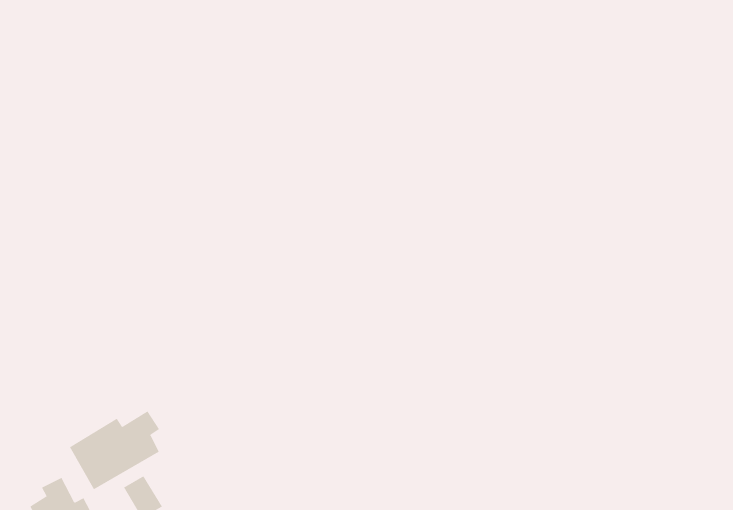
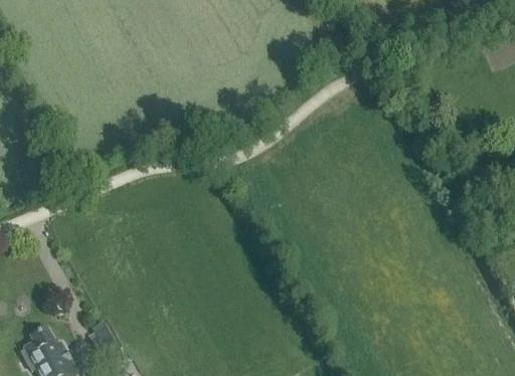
building: [69,411,160,490] -> none

